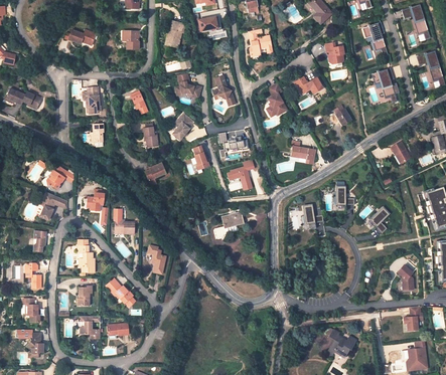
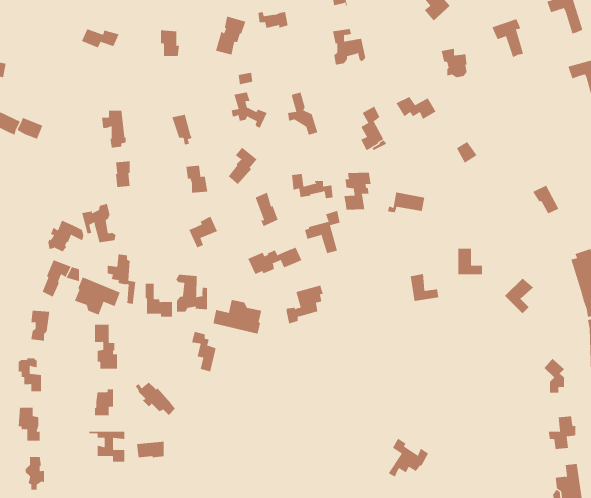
building: [371,67,399,97] -> none
building: none -> [344,172,371,211]
building: none -> [82,203,116,243]
building: none -> [247,247,302,275]
building: none -> [176,274,208,313]
building: none -> [74,276,120,315]
building: none -> [213,299,262,334]
building: [326,329,355,357] -> [388,438,429,477]

